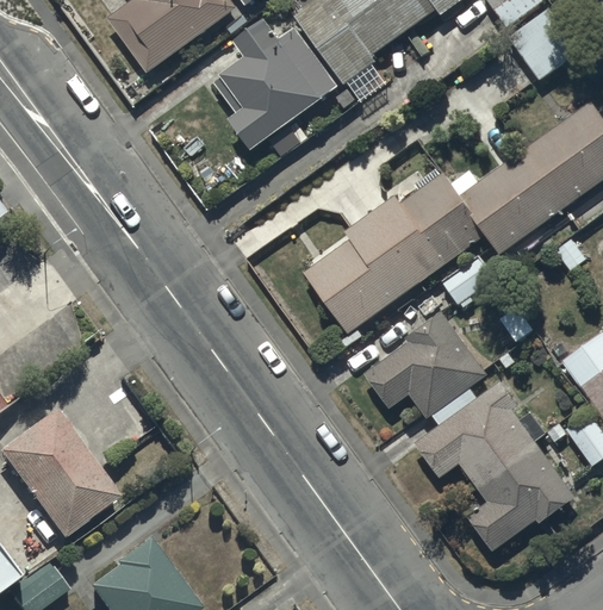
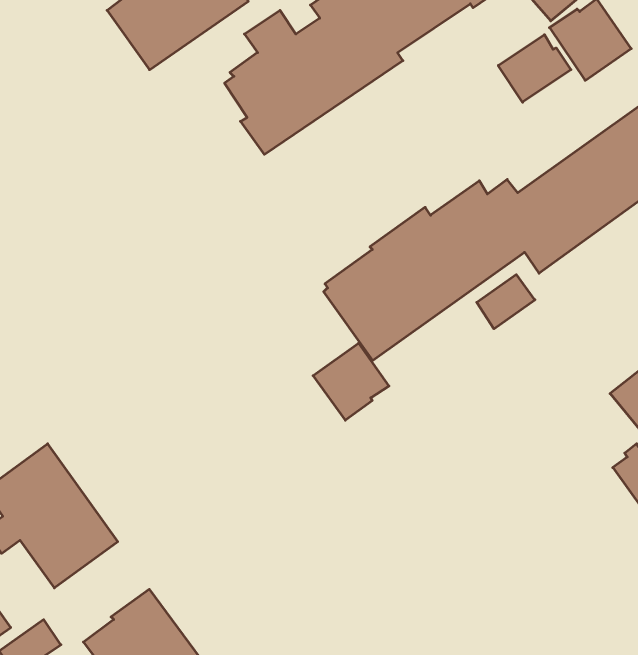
building: none -> [498,35,571,102]
building: [365,310,576,549] -> none
building: none -> [313,343,389,420]

